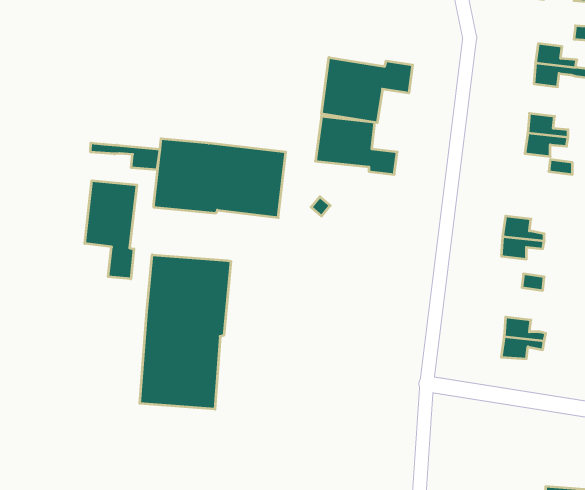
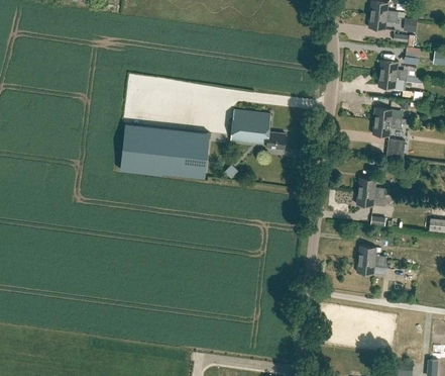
building: [321,57,413,123] -> none
building: [91,143,160,170] -> none
building: [85,181,137,279] -> none
building: [140,255,231,409] -> none

